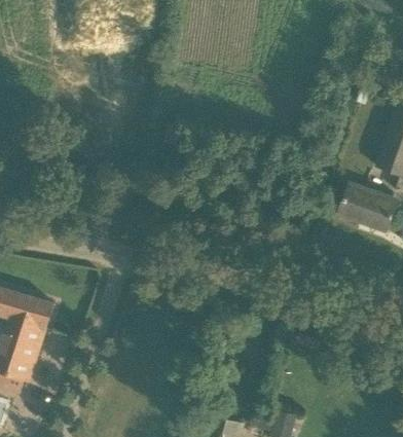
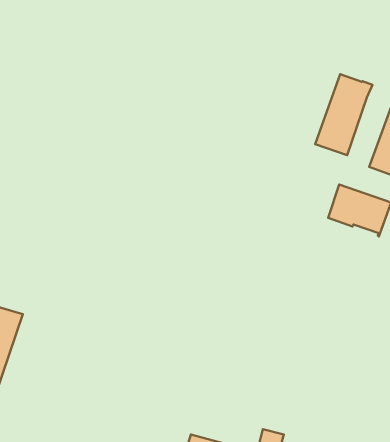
building: none -> [315,74,373,155]

